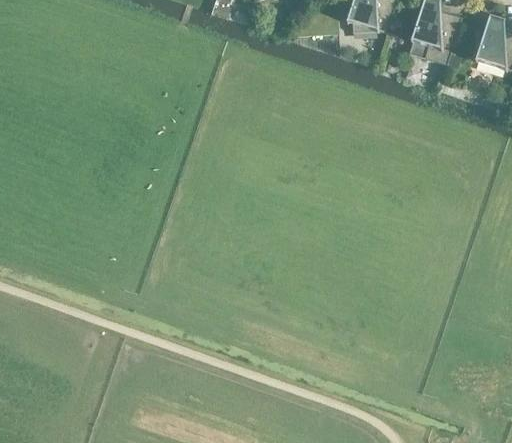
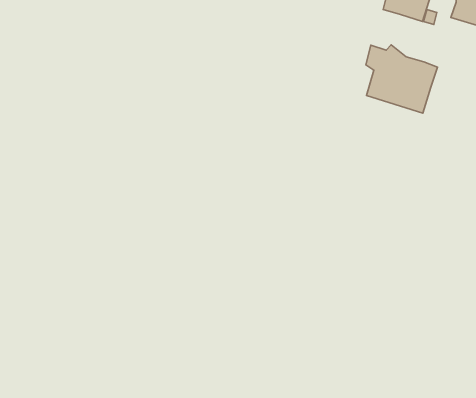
building: none -> [366,45,438,113]

